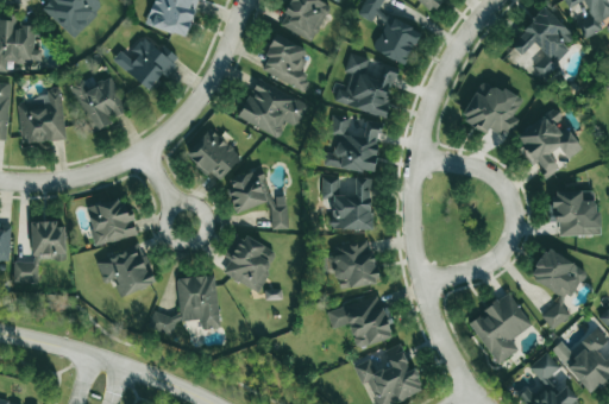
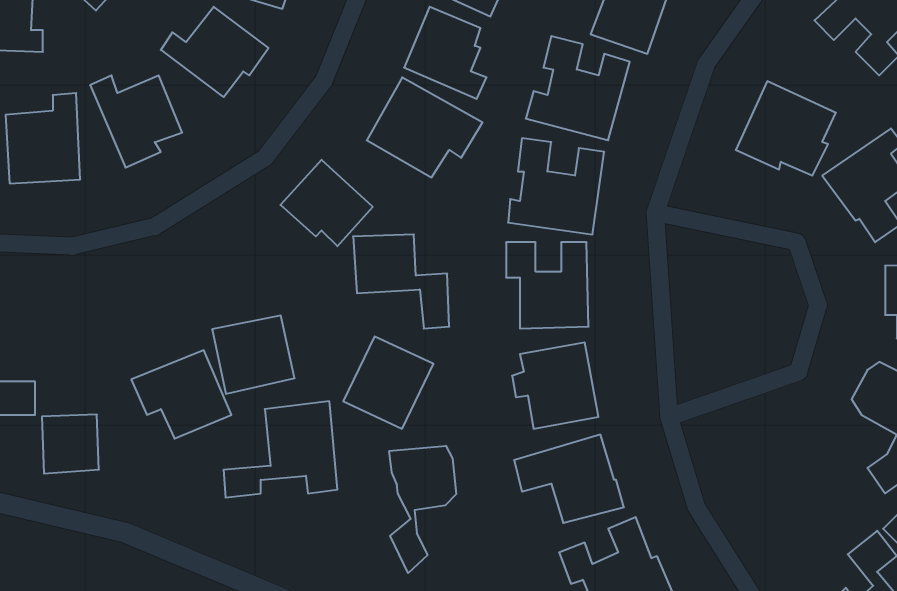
building: [87,198,137,246] -> [212,315,295,394]
building: [31,222,65,258] -> [42,415,99,474]
building: [469,293,532,365] -> none
building: none -> [389,446,456,573]

